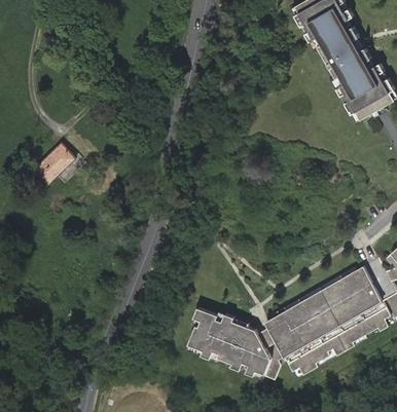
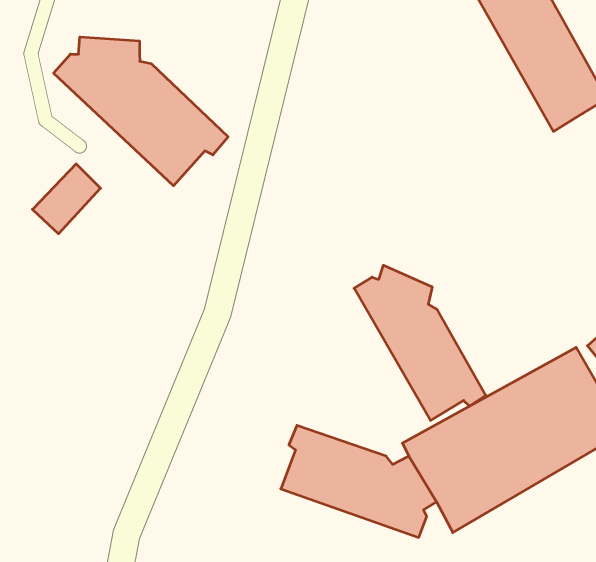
building: none -> [54,37,228,186]
building: none -> [354,265,486,420]

